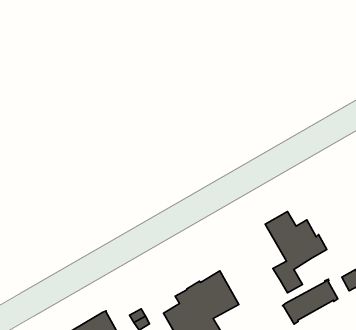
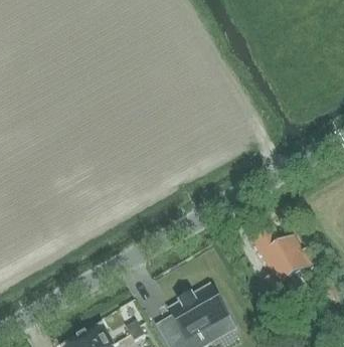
building: [283,279,338,324] -> none

